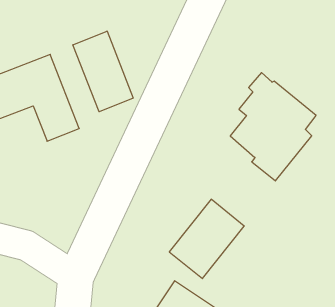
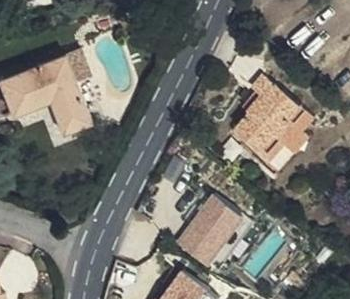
building: [73,31,133,112] -> none

